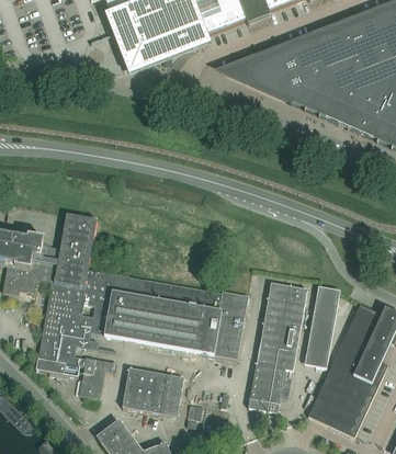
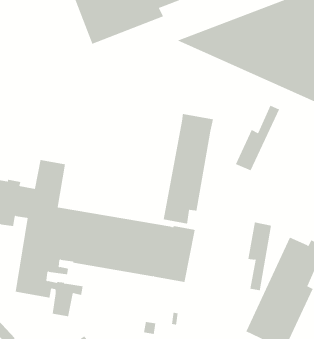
building: none -> [235,105,280,171]
building: [248,282,308,412] -> [163,114,214,224]
building: [123,368,184,417] -> none

